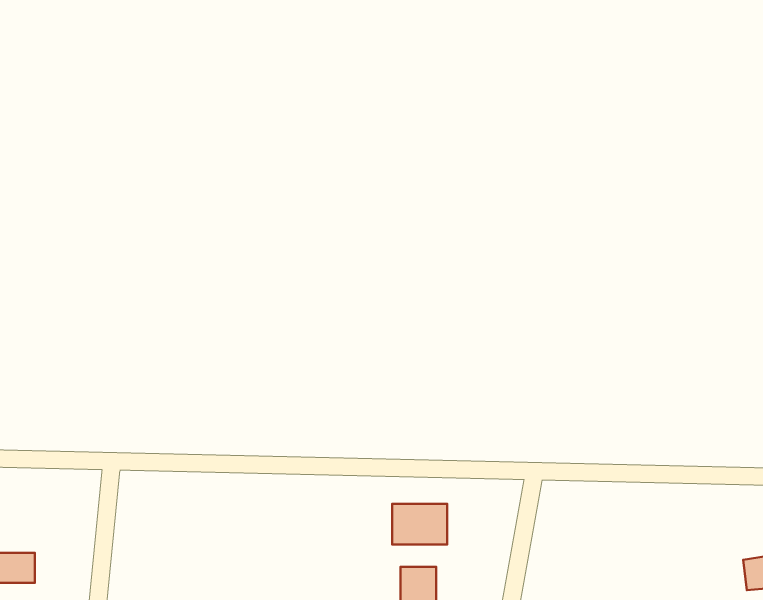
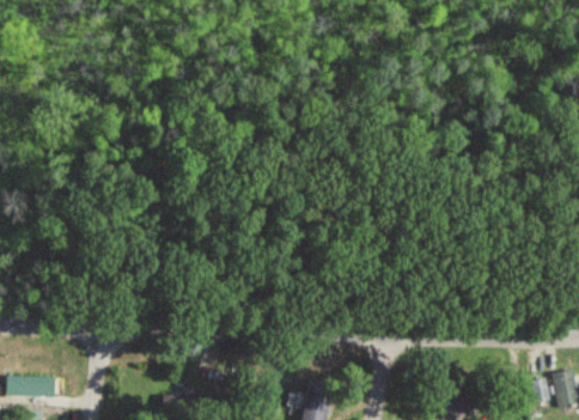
building: [392,504,447,544] -> none

